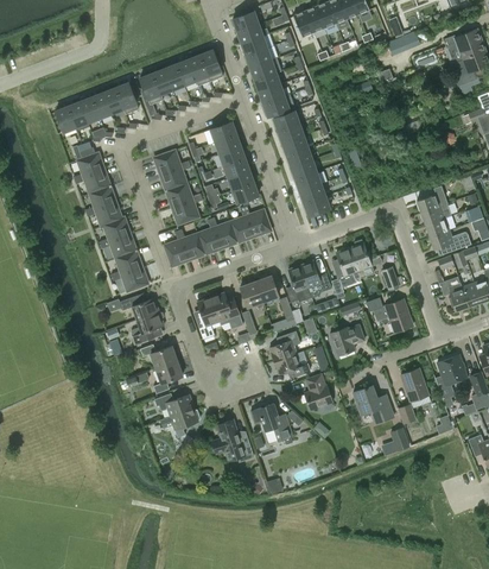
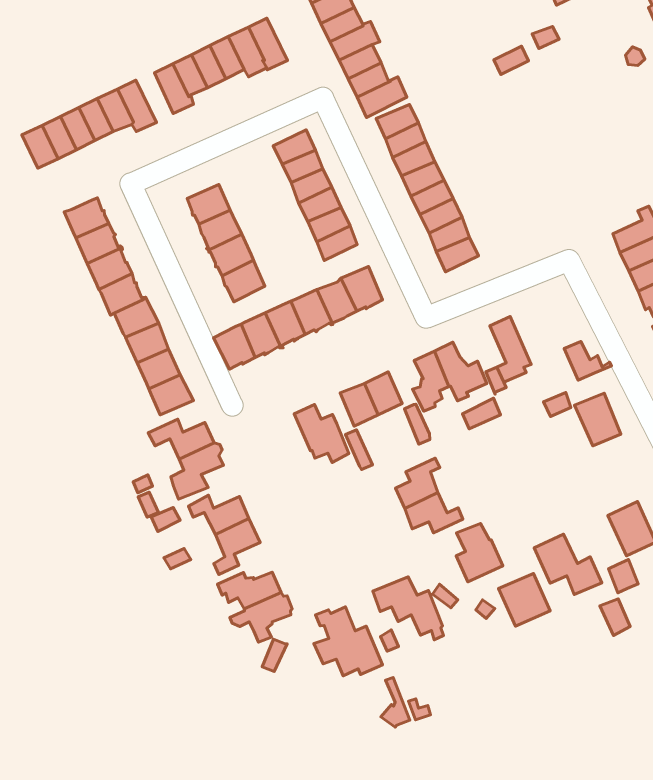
building: [349,240,382,278] -> none
building: [196,297,218,339] -> none
building: [330,324,364,355] -> none
building: none -> [499,573,550,626]

